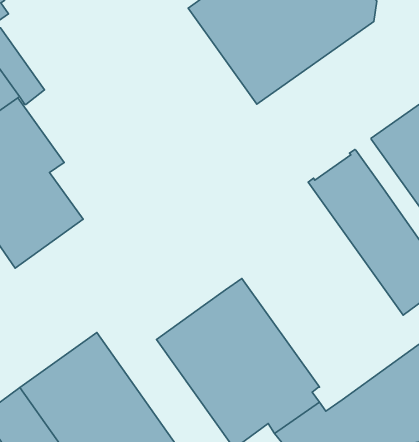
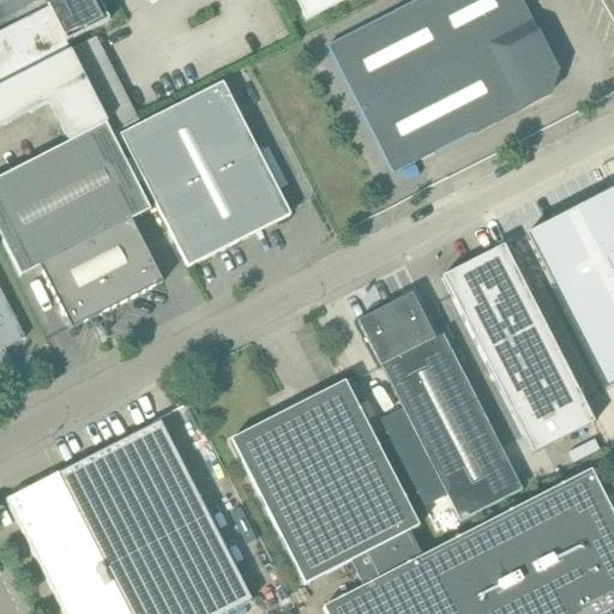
building: none -> [121,80,291,265]
building: none -> [359,293,523,519]

